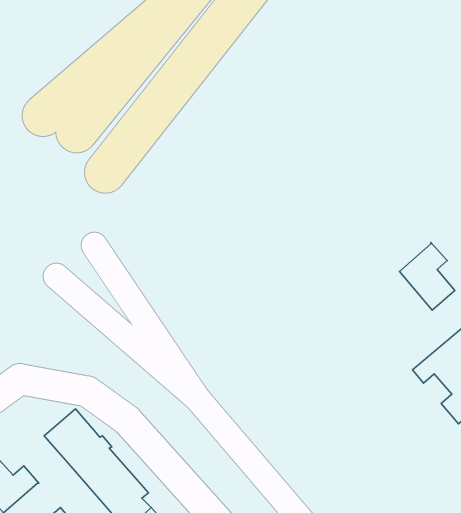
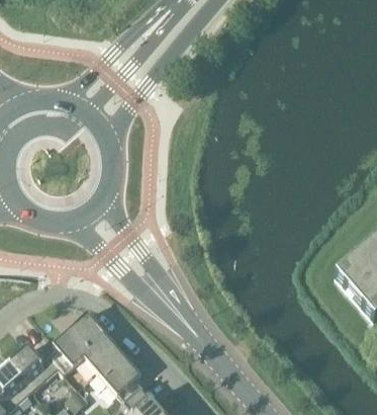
building: [399,243,455,310] -> none
building: none -> [48,331,84,372]

